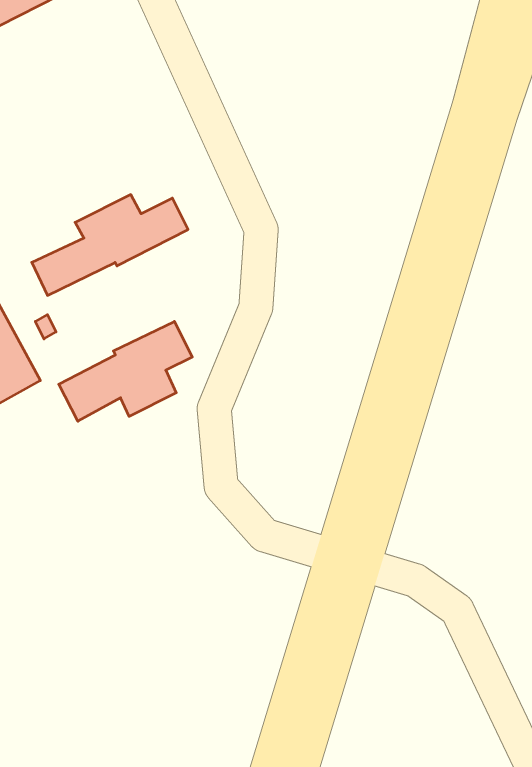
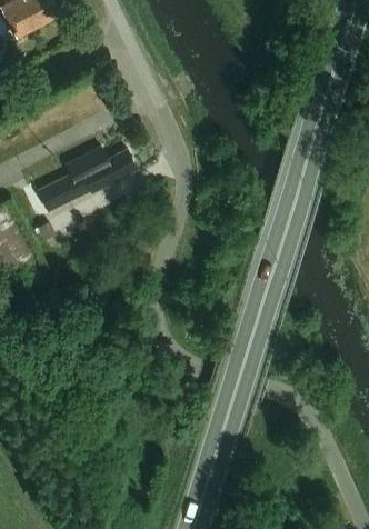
building: [59,321,192,421] -> none

